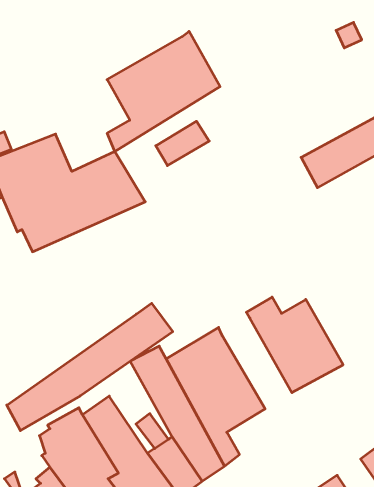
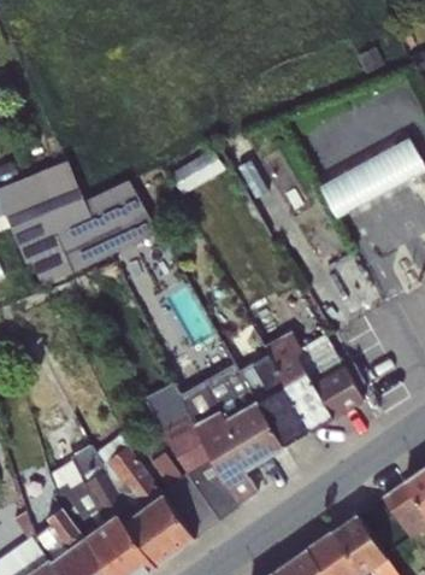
building: [107,31,220,152] -> none
building: [7,303,173,431] -> none
building: none -> [238,352,311,446]

